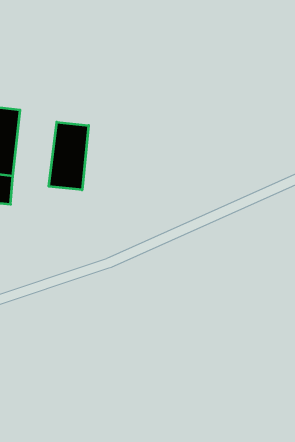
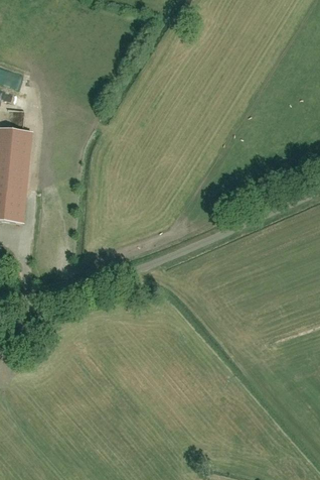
building: [49,122,89,190] -> none

